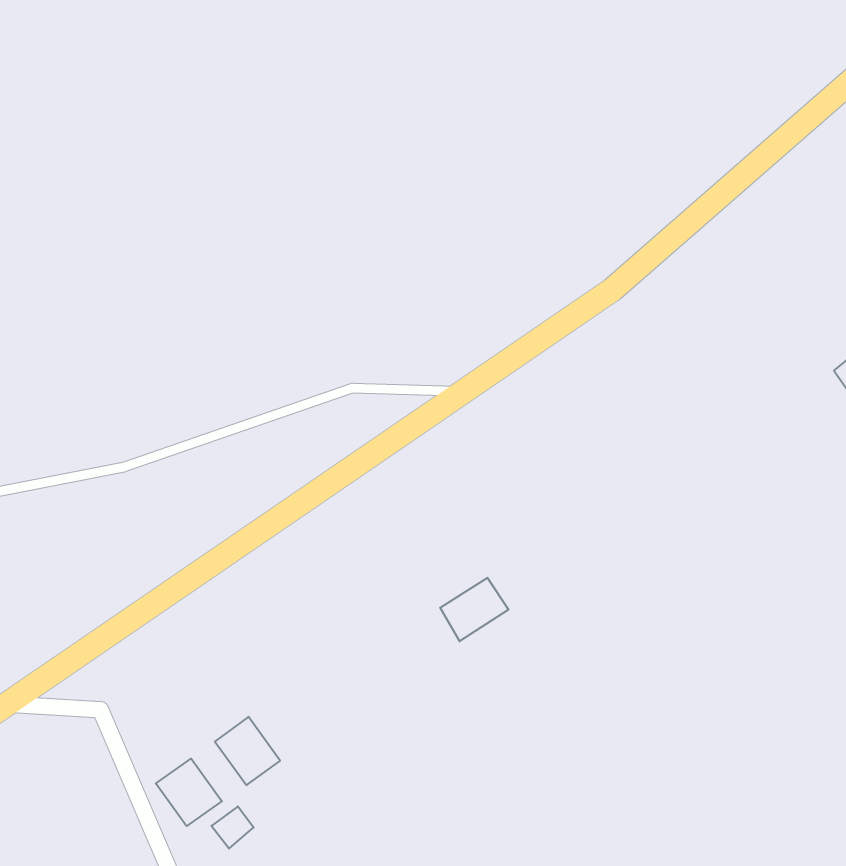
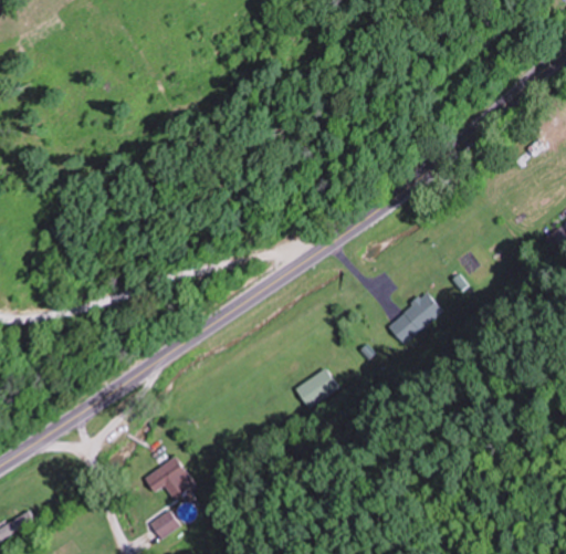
building: none -> [387,291,441,344]
building: [156,759,222,826] -> none

